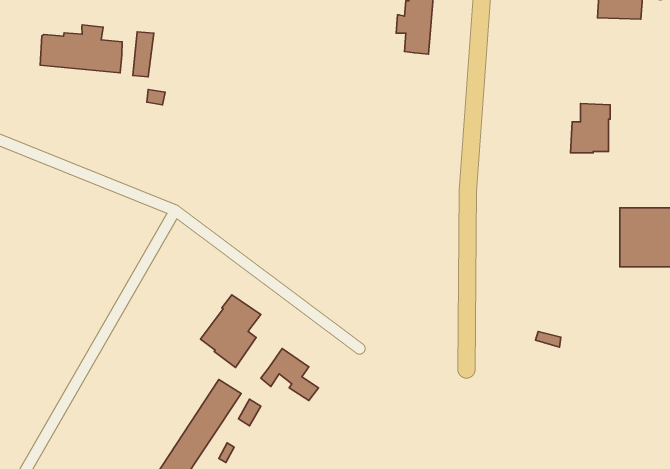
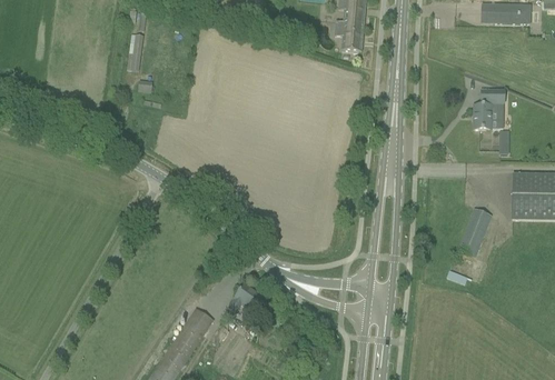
building: [40,25,122,73] -> none
building: none -> [457,207,492,254]
building: [200,295,261,368] -> none

